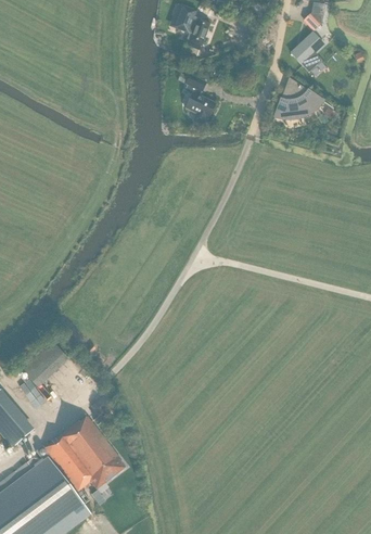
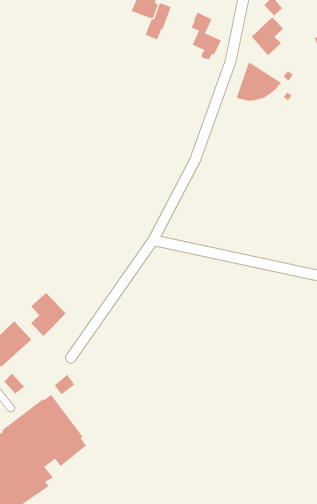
building: [184,75,216,124] -> [191,12,222,60]
building: none -> [30,292,67,337]

